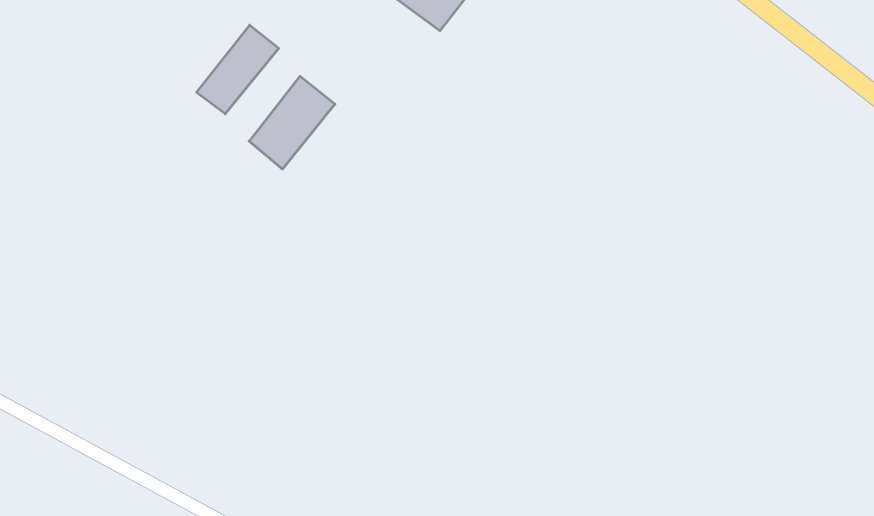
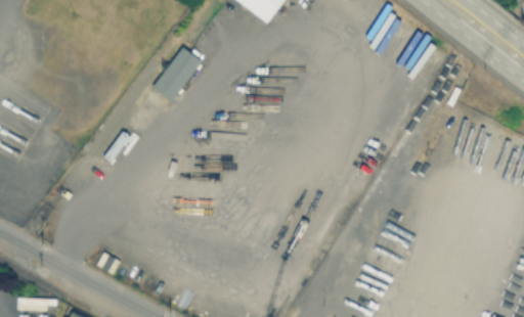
building: [197,25,279,114] -> none

